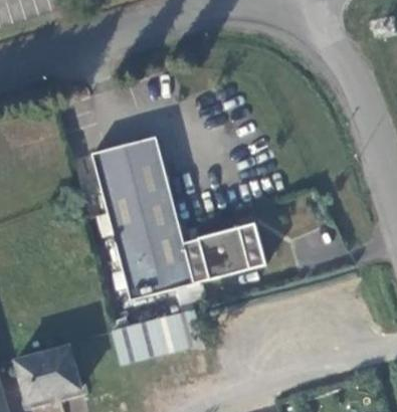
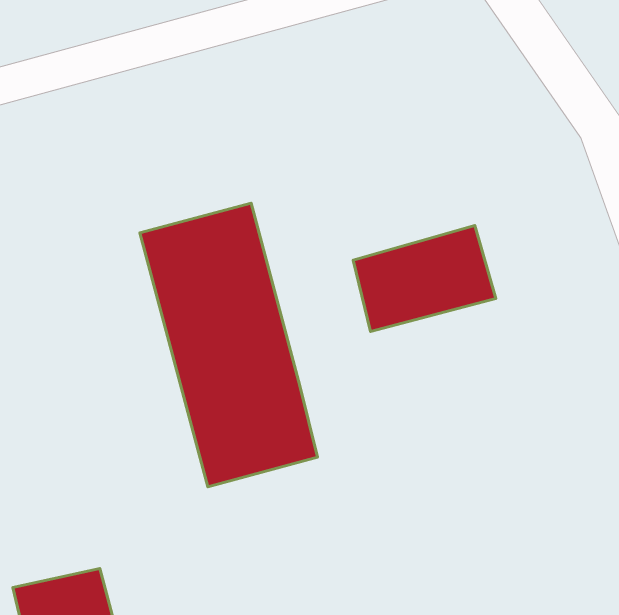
building: [184,220,266,281] -> [353,226,496,332]
building: [113,307,202,362] -> none

